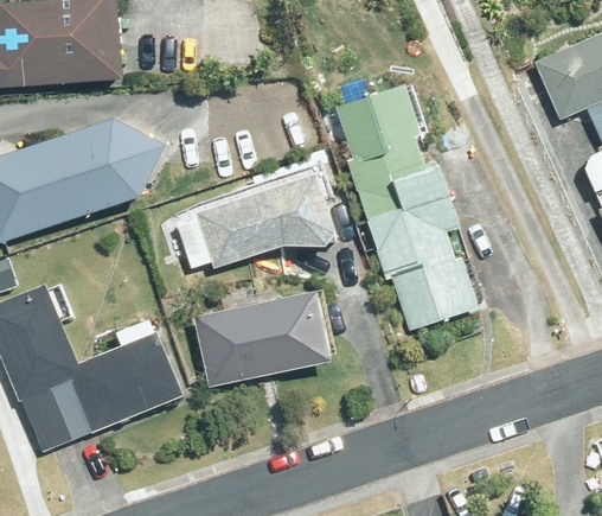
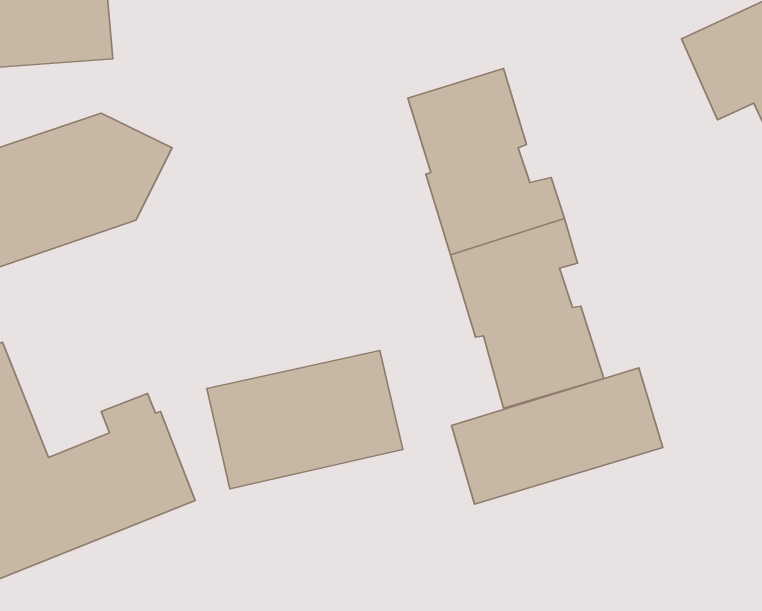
building: [178,171,337,270] -> none
building: none -> [451,368,663,504]

